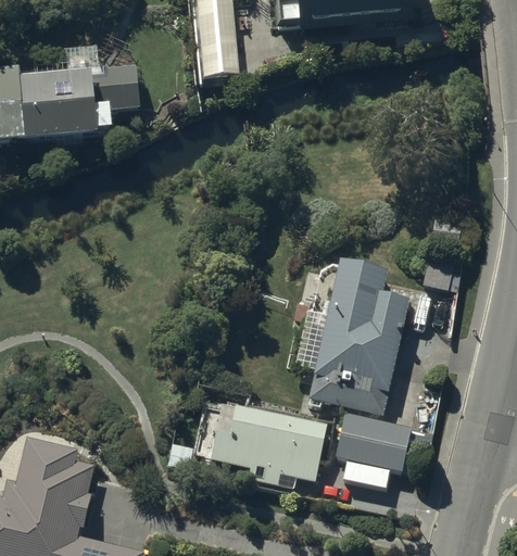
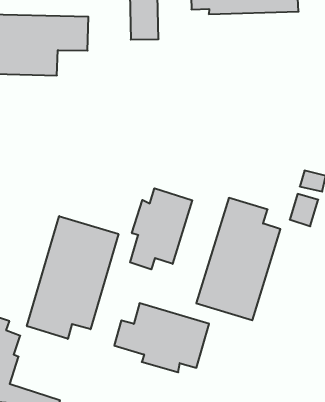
building: none -> [130,188,192,269]
building: none -> [27,216,118,339]
building: [335,416,412,475] -> none

